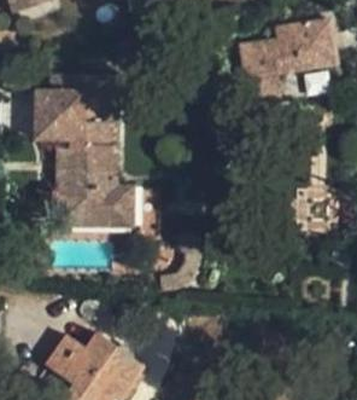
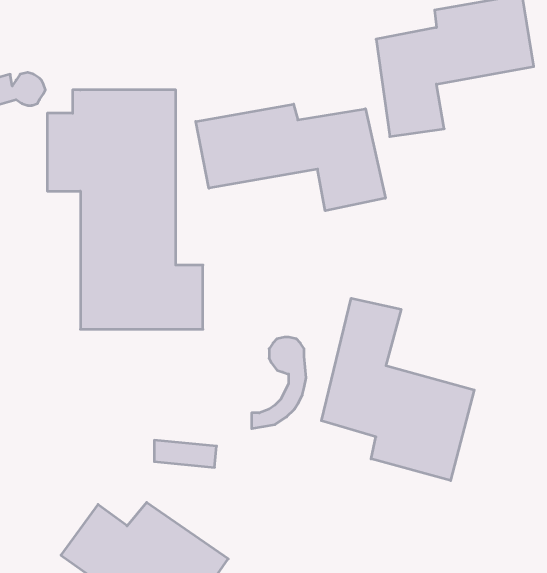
building: none -> [196,104,385,211]
building: none -> [321,298,474,481]

